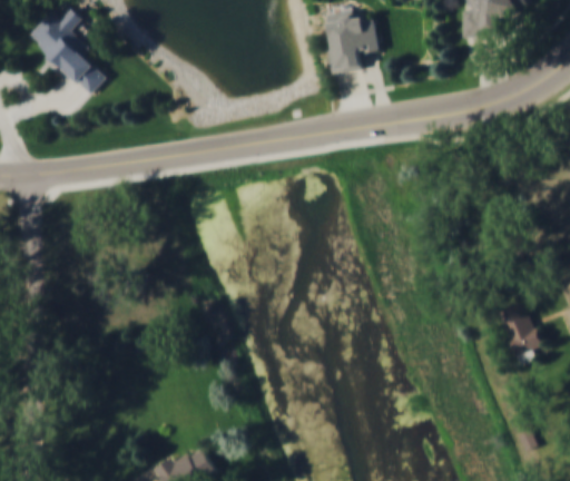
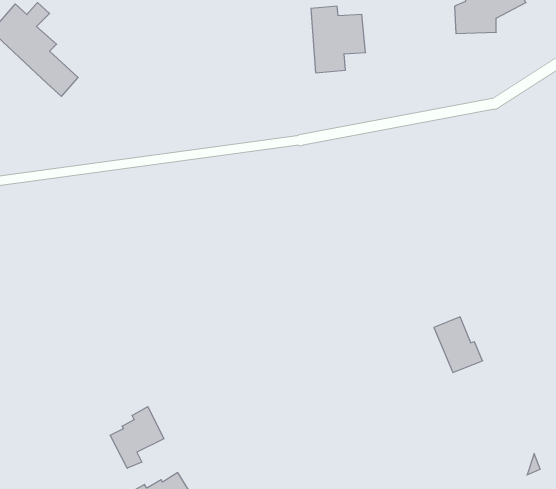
building: [502,303,548,355] -> [434,317,483,373]
building: none -> [110,407,164,468]

